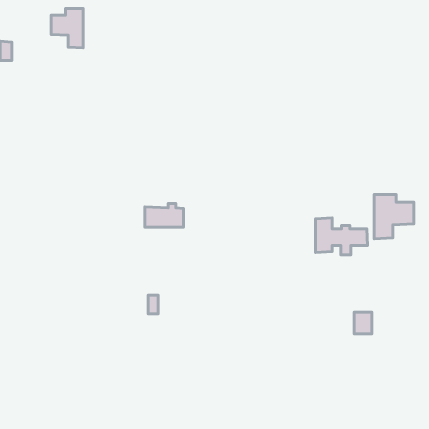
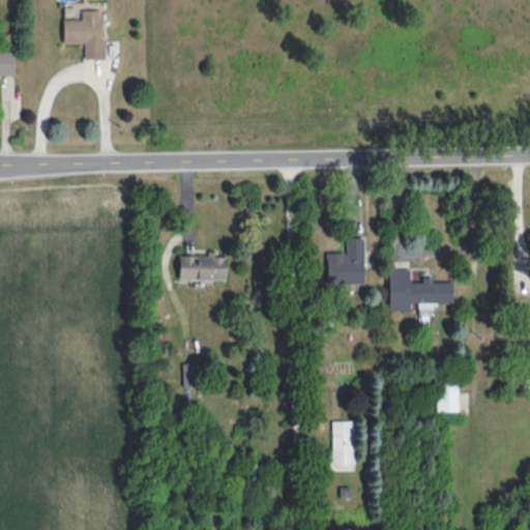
building: none -> [327,239,364,285]
building: [374,195,414,239] -> none
building: none -> [331,421,355,466]

